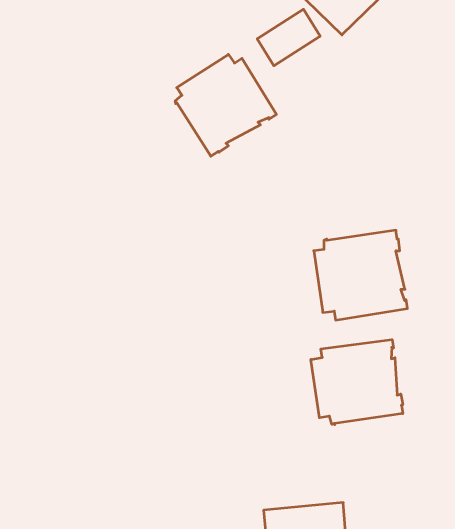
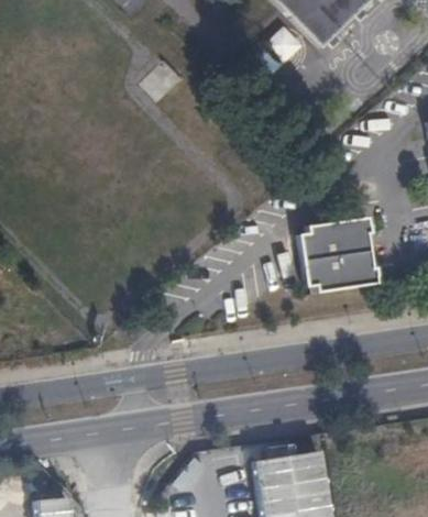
building: [175,54,276,156] -> none
building: [311,340,403,425] -> none

